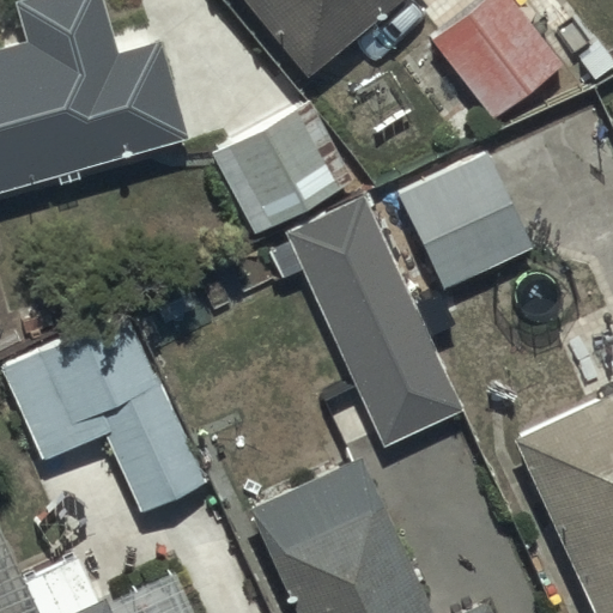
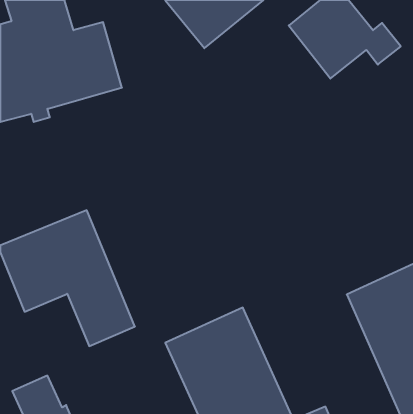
building: [214,103,351,230] -> none
building: [397,151,533,290] -> none
building: [286,195,463,448] -> none

